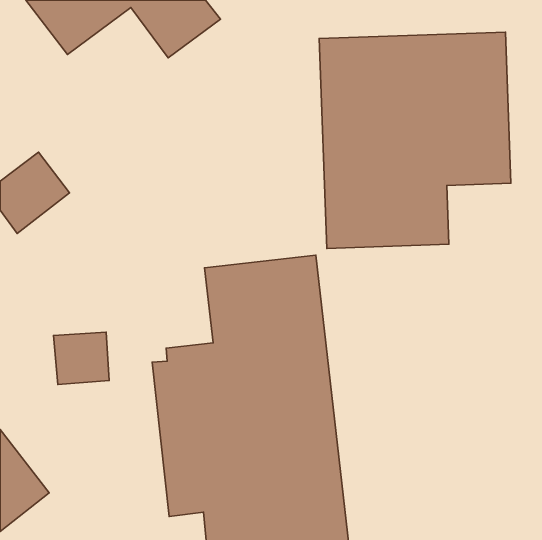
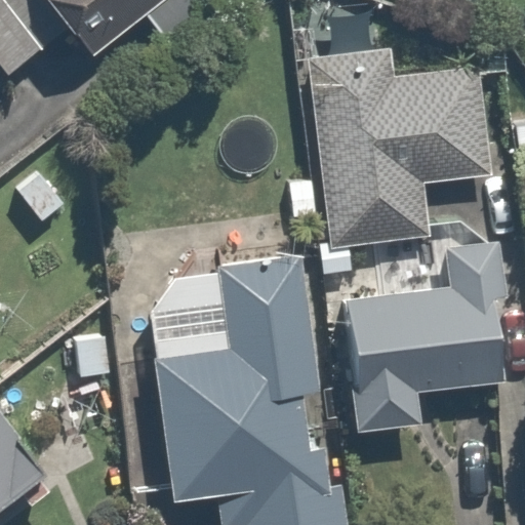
building: none -> [340,285,487,435]

